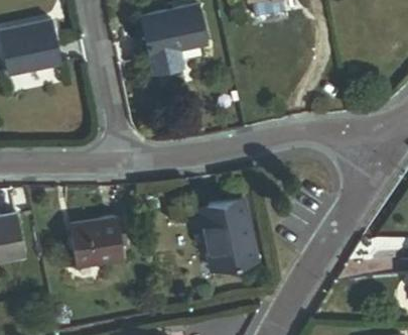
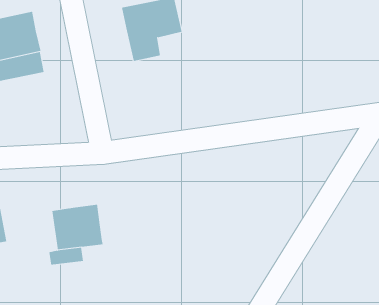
building: [198,196,255,266] -> none

